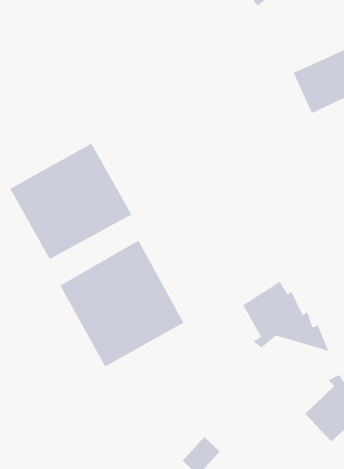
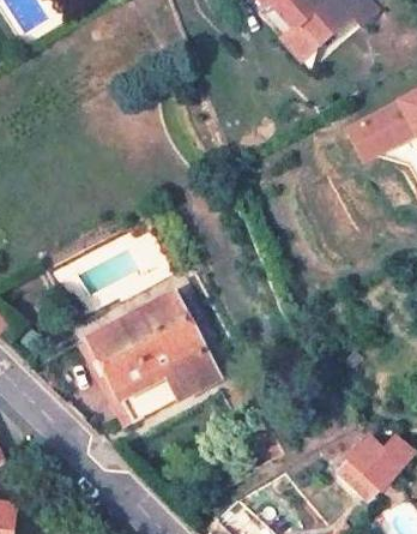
building: [10,143,132,260] -> none
building: [242,281,329,352] -> none

